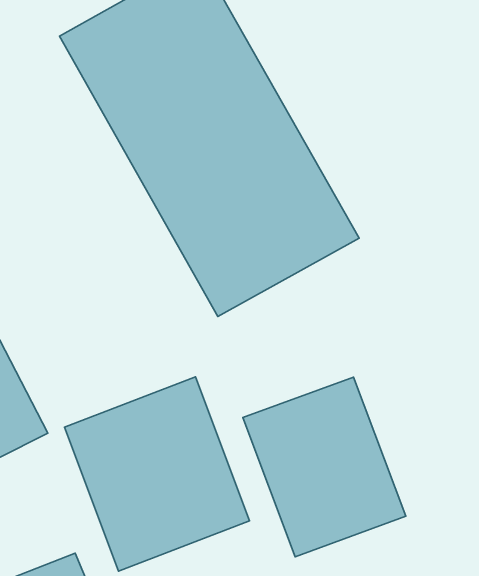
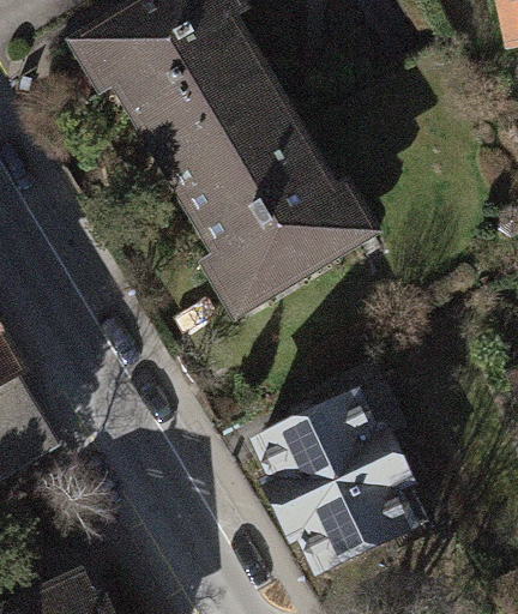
building: [64,377,250,571] -> none

